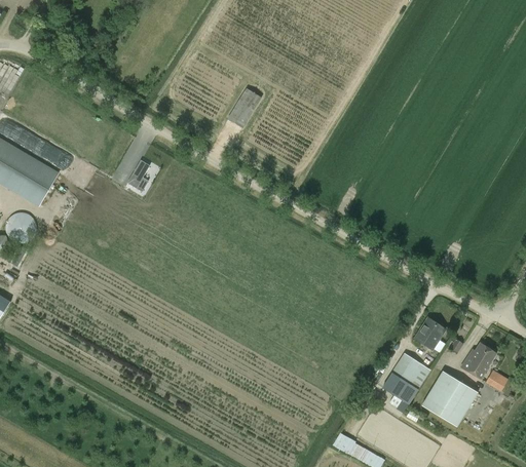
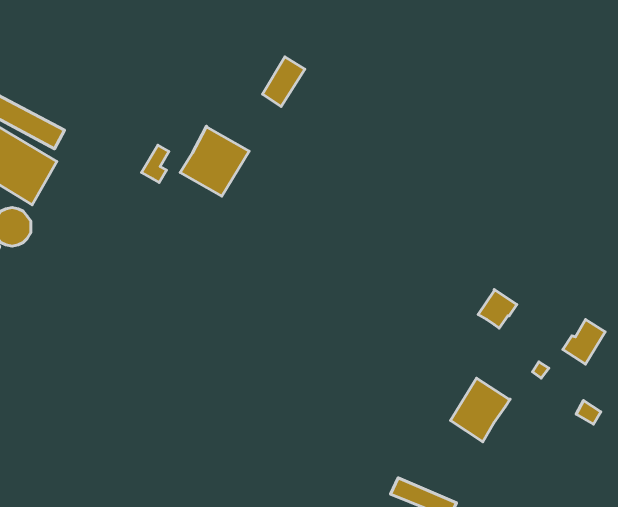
building: none -> [180,126,249,196]
building: [414,317,446,349] -> [478,290,517,328]
building: [461,342,496,379] -> [563,319,605,364]
building: [422,371,477,426] -> none

